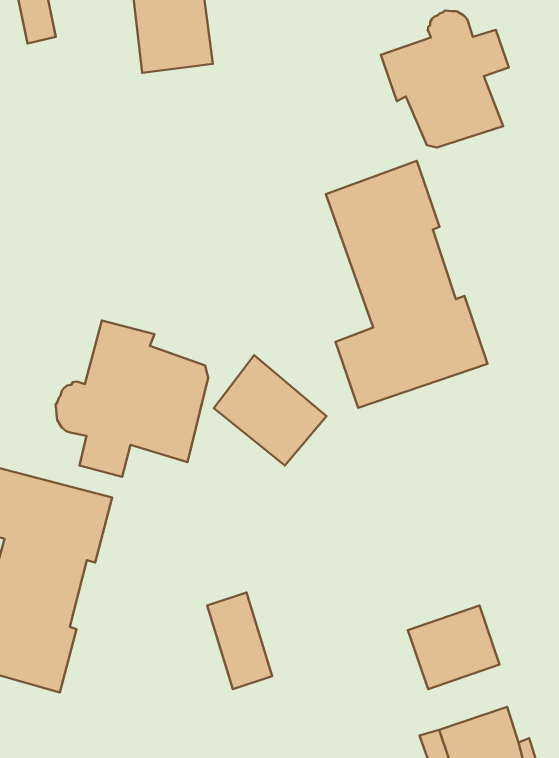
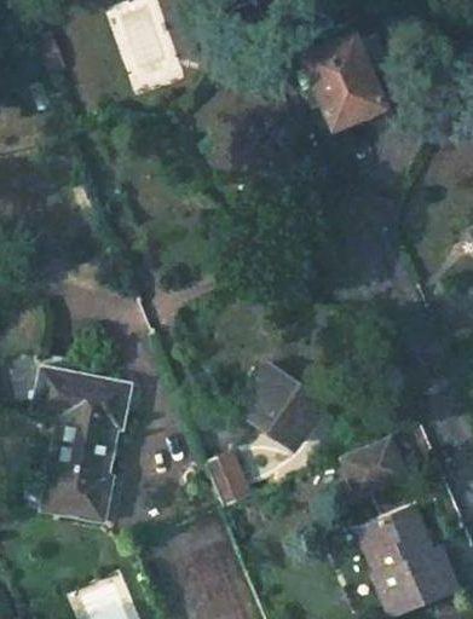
building: [326,161,488,408] -> none
building: [56,320,208,477] -> none
building: [214,355,327,465] -> [242,368,321,442]

